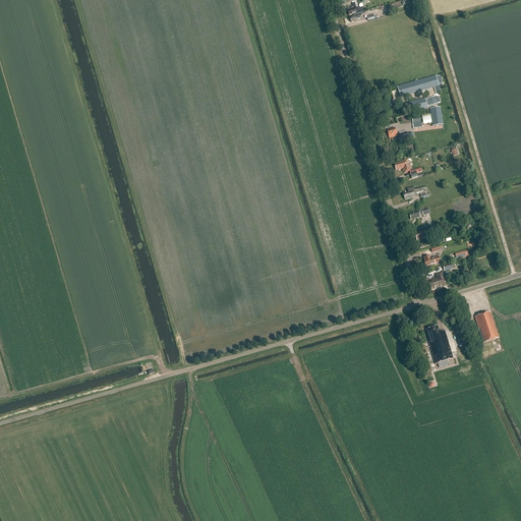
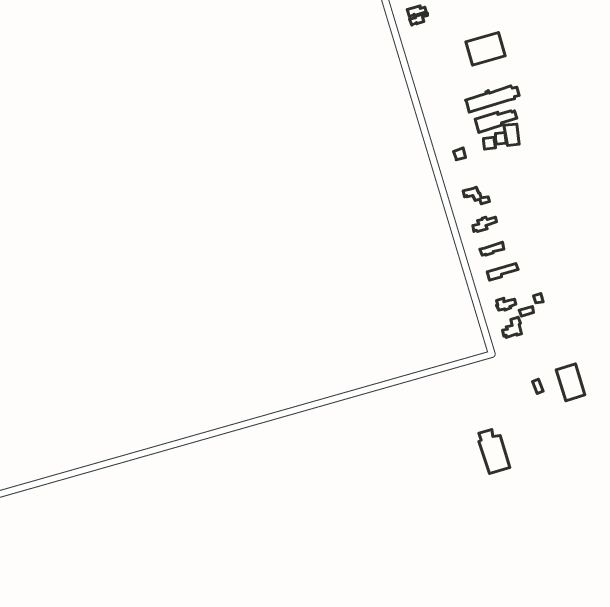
building: none -> [466,33,505,65]
building: [426,325,453,362] -> [479,429,510,474]

